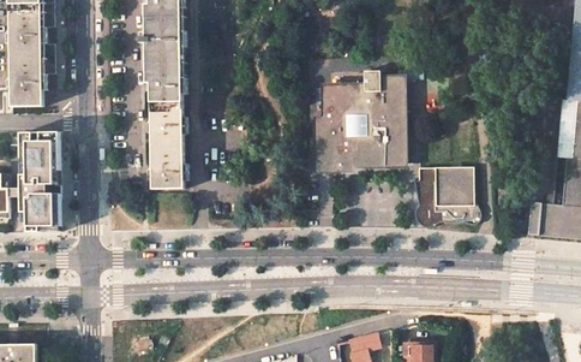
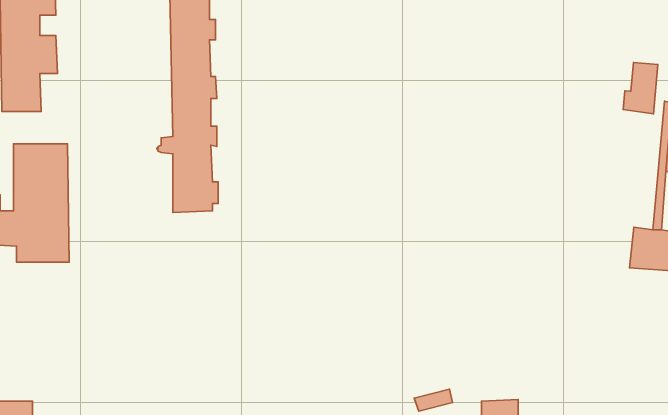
building: none -> [623,62,658,114]
building: [317,71,403,170] -> none
building: [413,168,479,227] -> none

